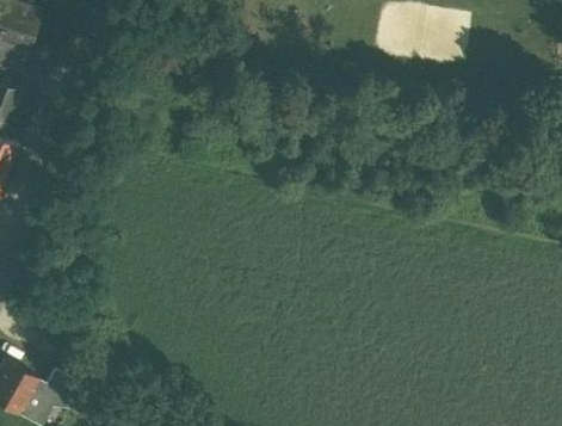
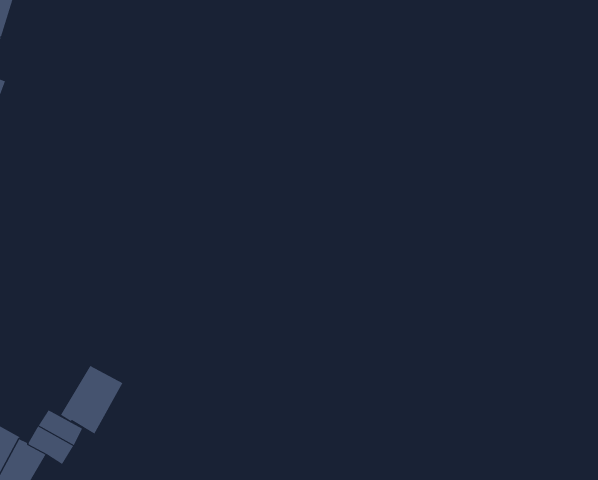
building: none -> [60,365,123,434]

